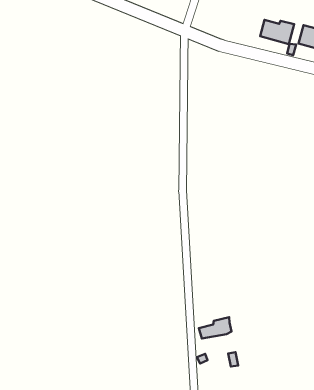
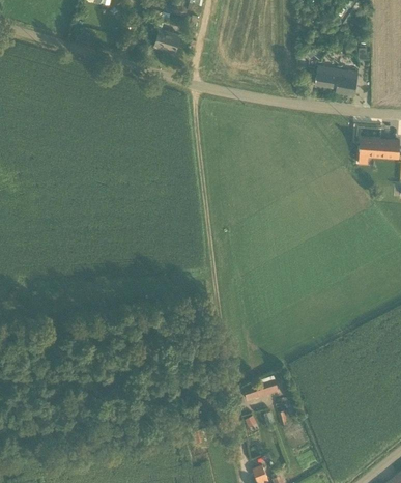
building: [260,20,294,44] -> none

